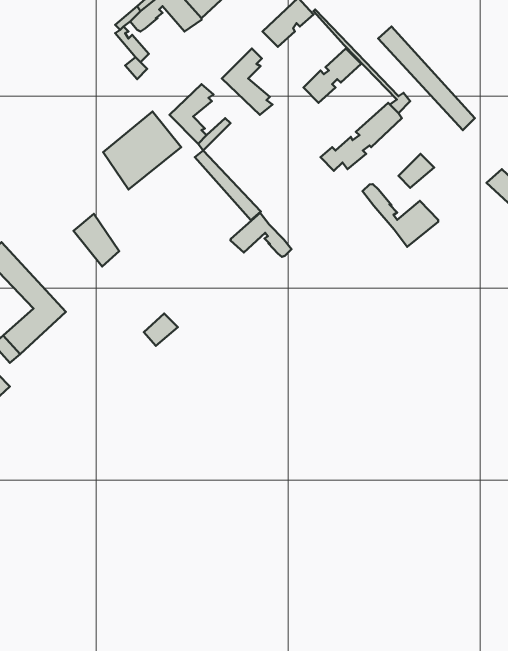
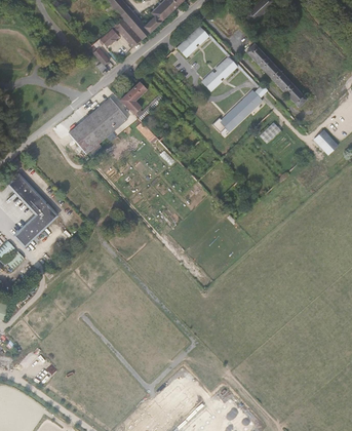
building: [222,49,272,115] -> none
building: [363,184,438,247] -> none
building: [231,213,291,257] -> none
building: [73,214,119,267] -> [69,120,96,152]

